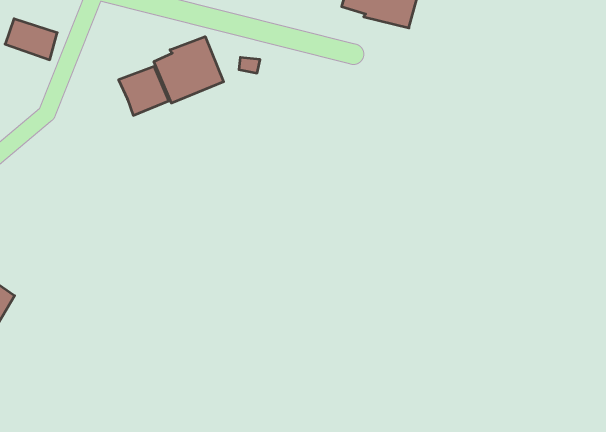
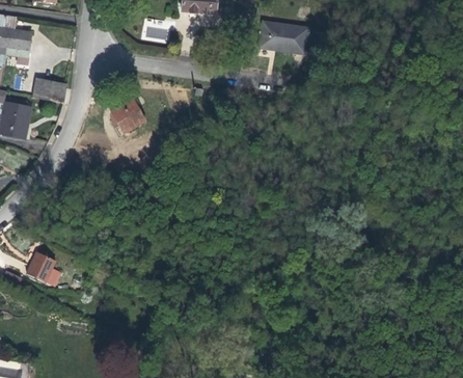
building: [154,37,224,103] -> none

